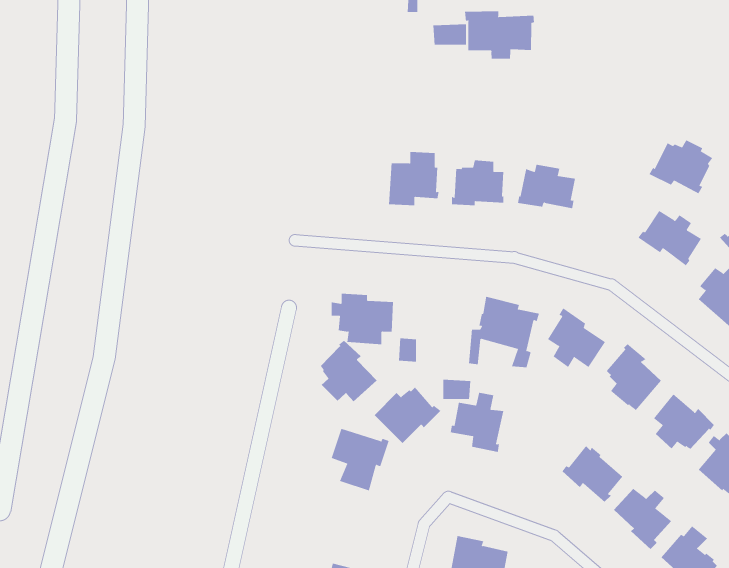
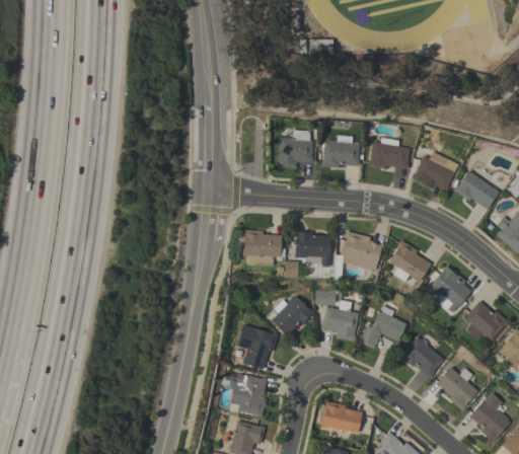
building: [464,11,534,59] -> none
building: [649,140,713,194] -> [411,153,456,192]
building: none -> [294,230,330,267]
building: [320,340,377,402] -> none
building: none -> [358,304,406,349]
building: none -> [223,371,267,418]

